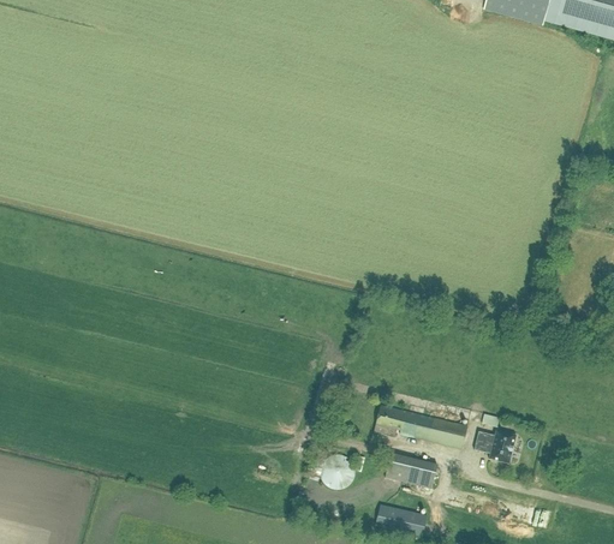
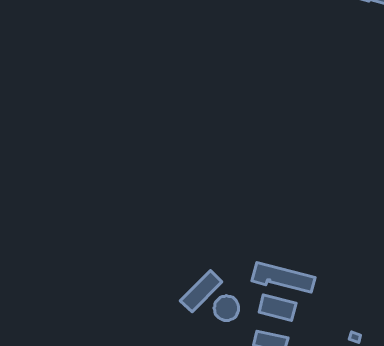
building: none -> [180,270,222,312]
building: [473,429,515,464] -> none

